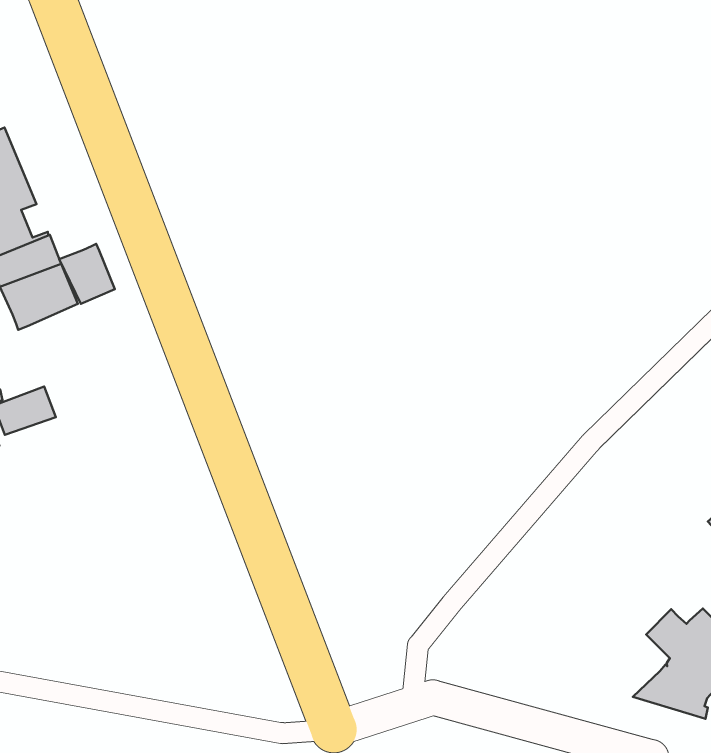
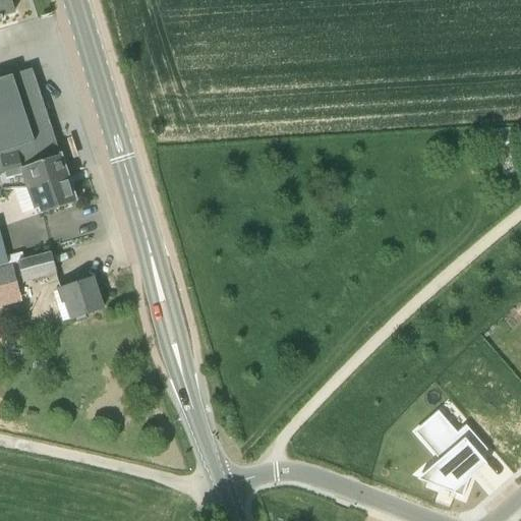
building: [59,244,115,304] -> none
building: none -> [58,277,102,316]

